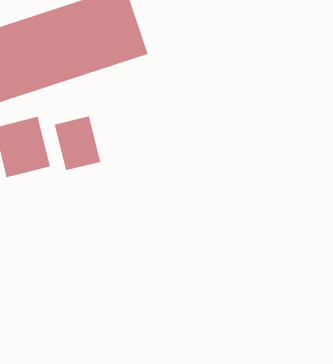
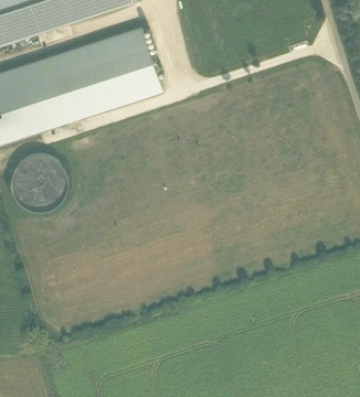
building: [54,116,101,171] -> none

